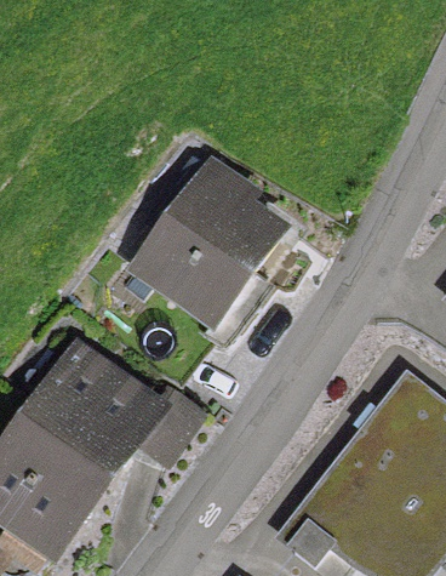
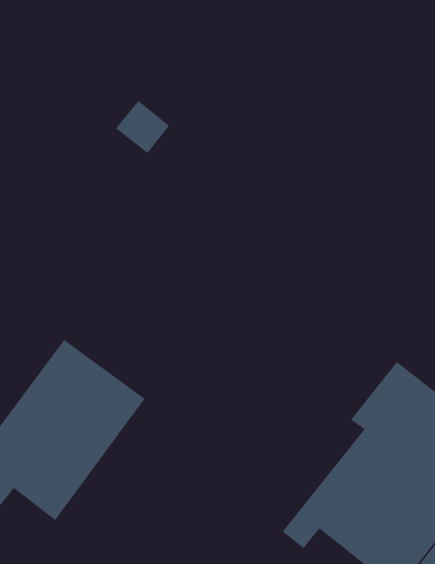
building: [138,165,274,315] -> none

